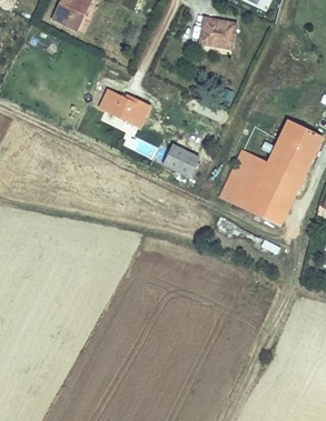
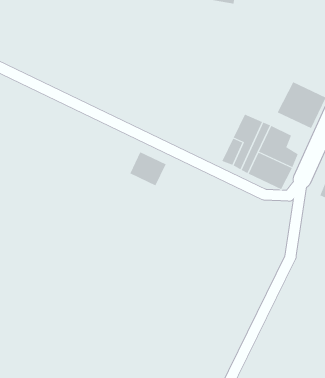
building: [101,89,154,123] -> none
building: [165,140,200,173] -> [129,152,166,186]
building: [268,150,307,190] -> none

